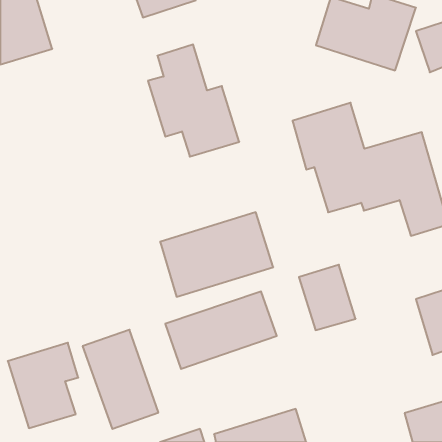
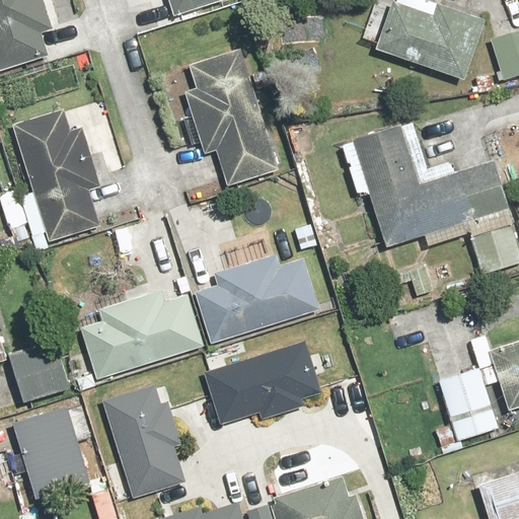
building: none -> [8,99,115,241]
building: none -> [75,282,202,380]
building: [299,265,356,330] -> [438,364,504,440]
building: none -> [8,339,70,404]

